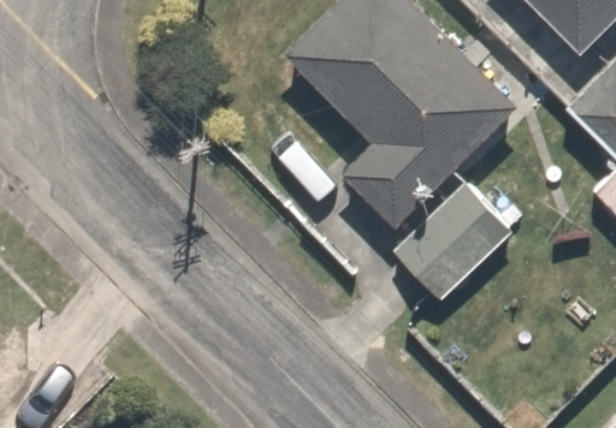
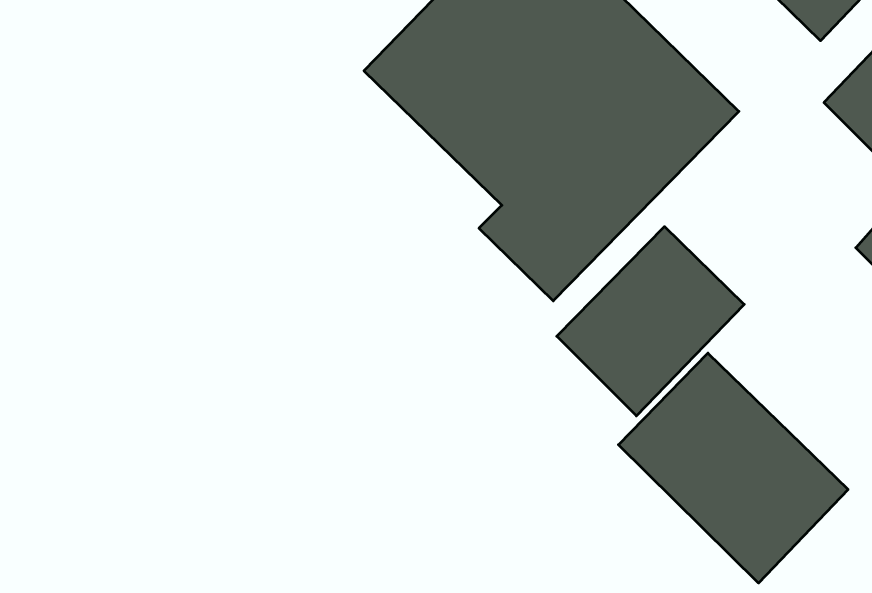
building: none -> [618,353,848,583]

